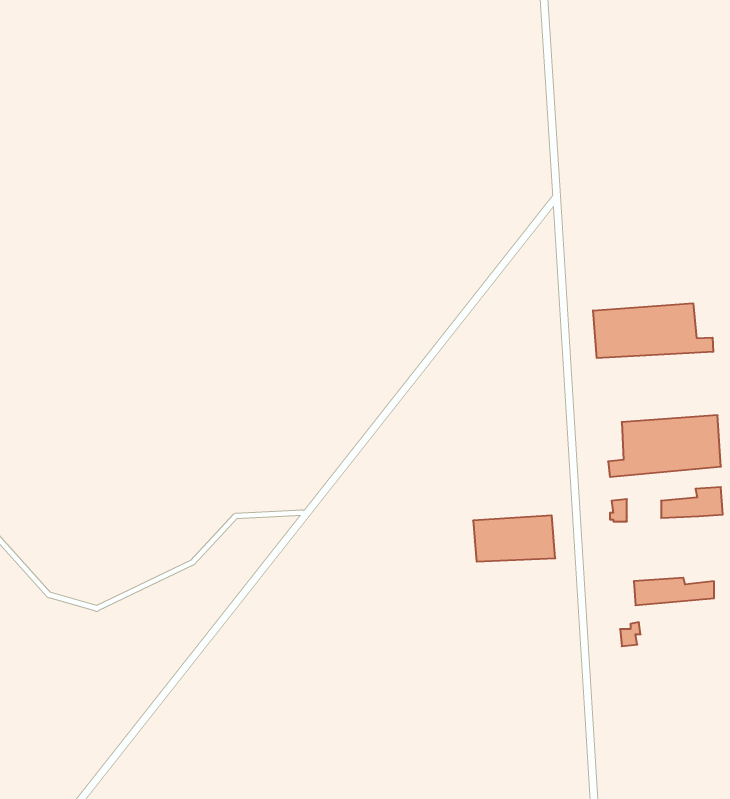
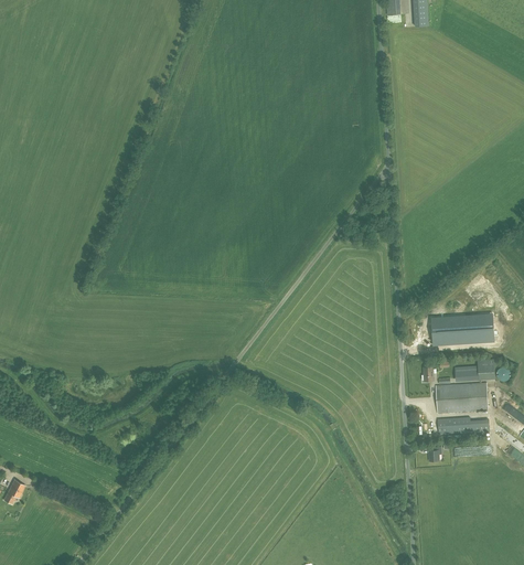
building: [593,303,713,358] -> none
building: [473,515,555,562] -> [435,381,488,411]

